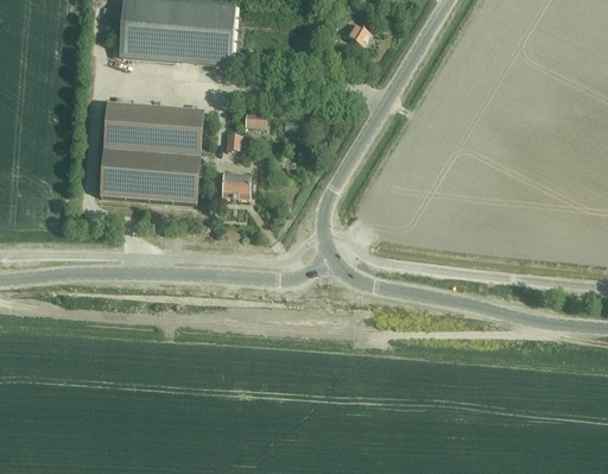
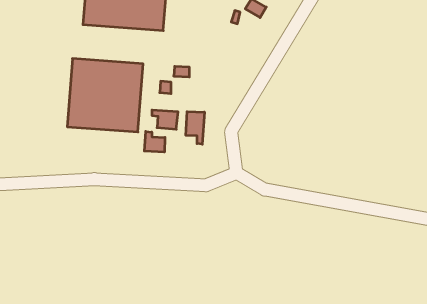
building: none -> [186,112,204,144]
building: none -> [144,131,165,152]

